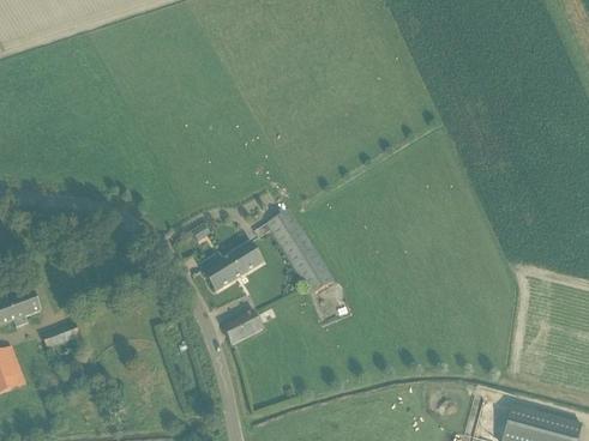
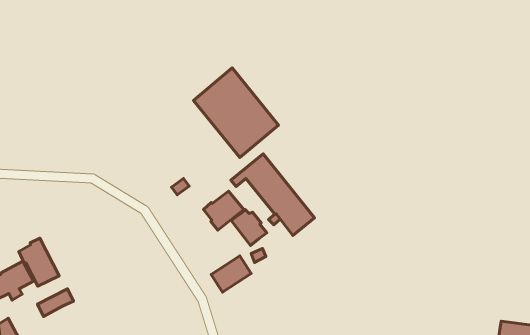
building: none -> [194,68,279,158]
building: [199,253,234,290] -> [231,209,267,245]
building: none -> [19,238,59,286]

